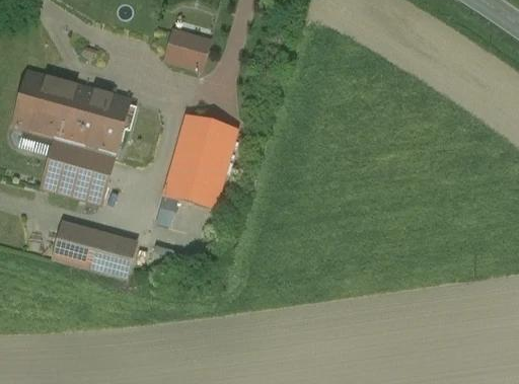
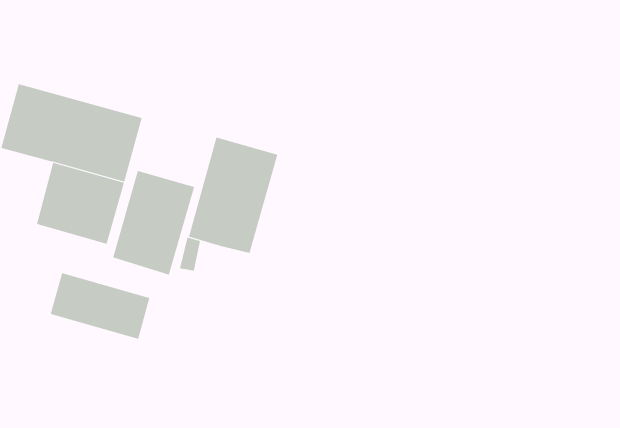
building: [164,26,212,70] -> none
building: none -> [113,170,195,276]

